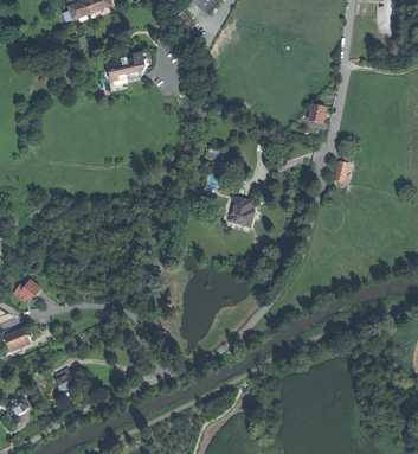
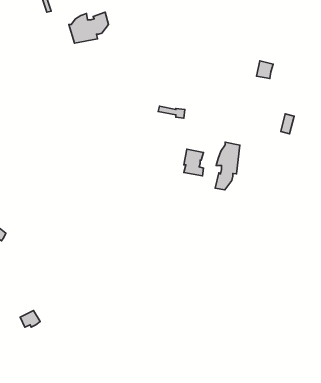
building: none -> [215,142,240,190]

